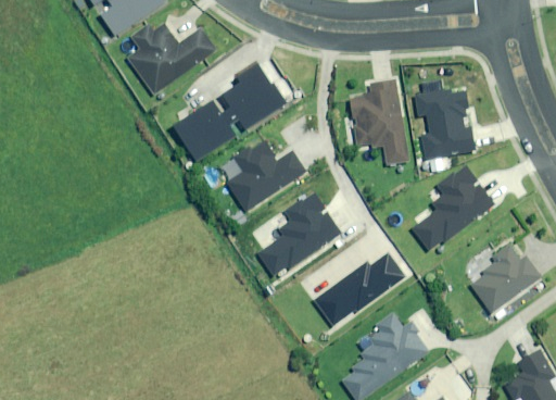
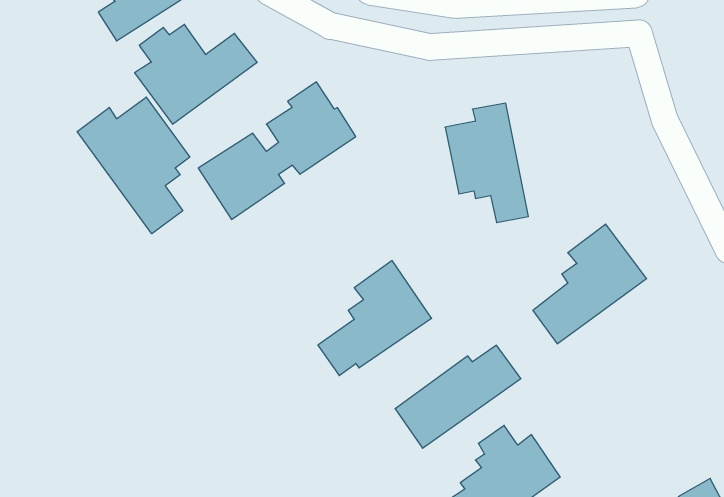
building: none -> [77,97,190,234]
building: [416,88,473,160] -> none
building: [226,140,305,212] -> none
building: [471,242,541,313] -> none

